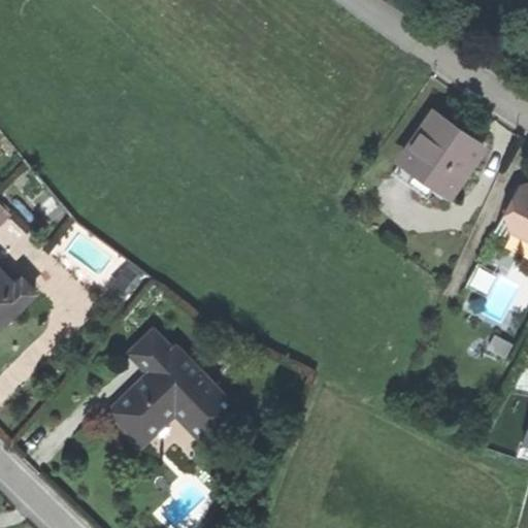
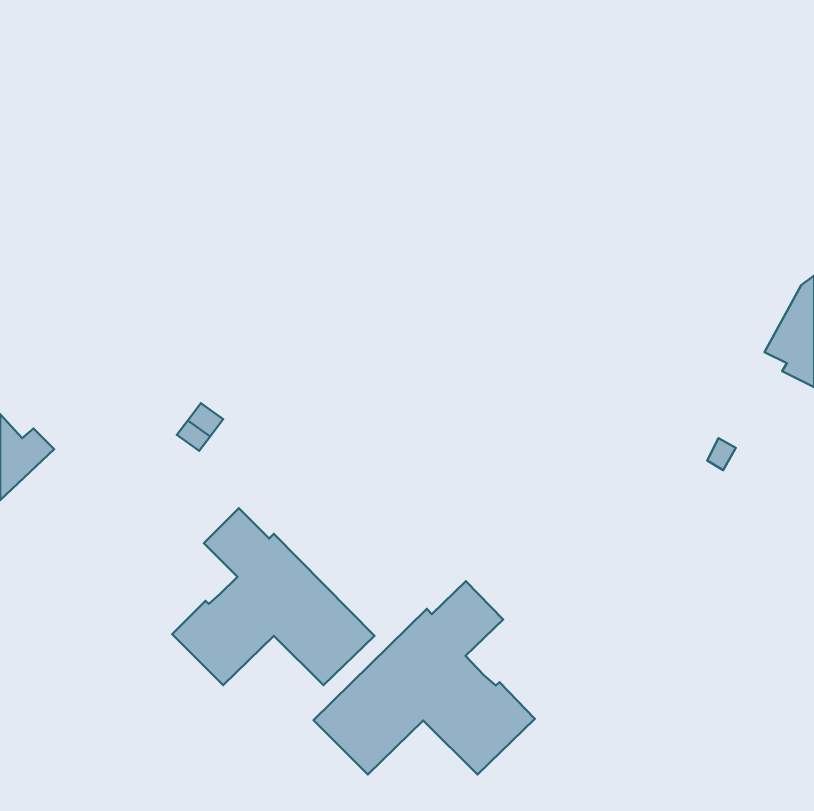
building: [396,112,484,193] -> none
building: none -> [314,581,535,774]

